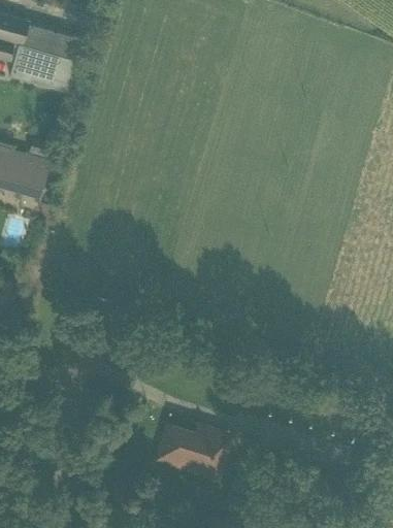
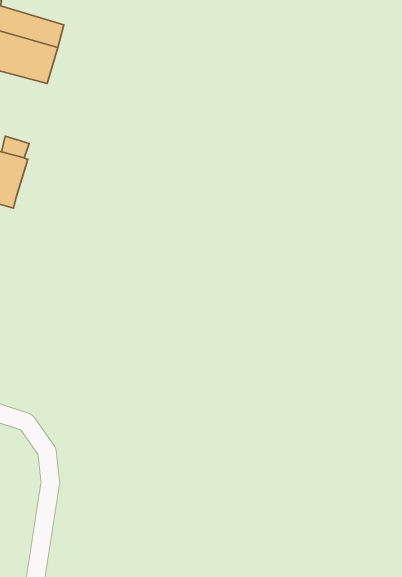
building: [155,424,228,478] -> none

